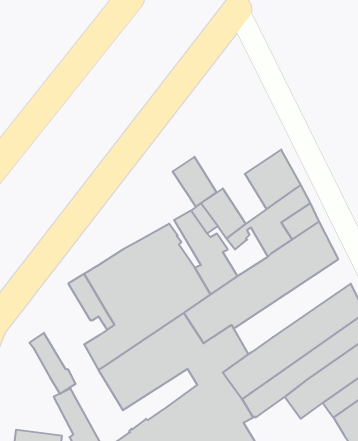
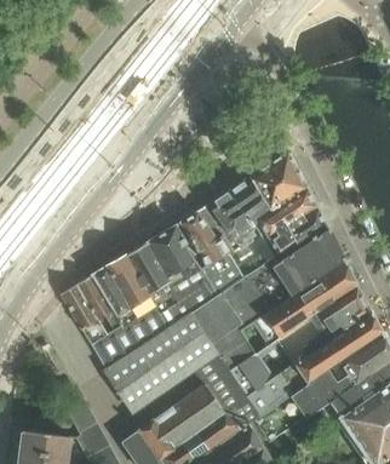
building: [173,157,216,207] -> [229,176,273,225]
building: none -> [240,260,356,355]
building: [29,333,76,394] -> [61,285,107,345]

